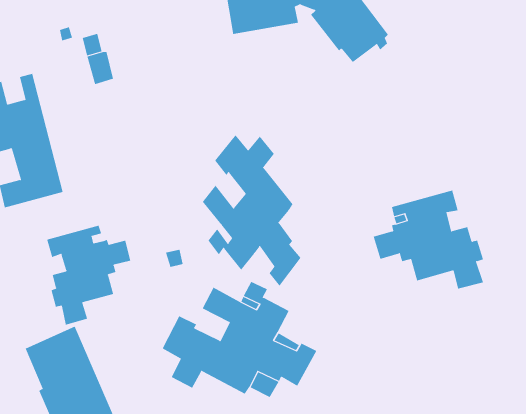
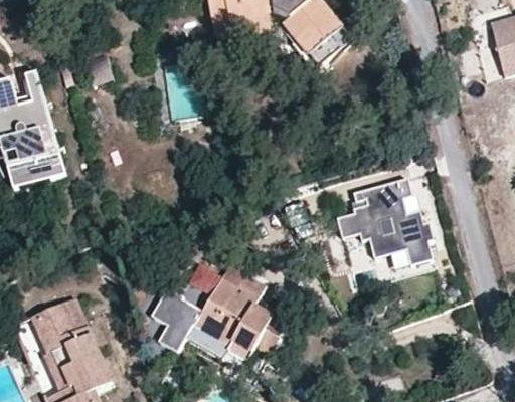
building: [202,135,301,287] -> none
building: [47,225,131,326] -> none

